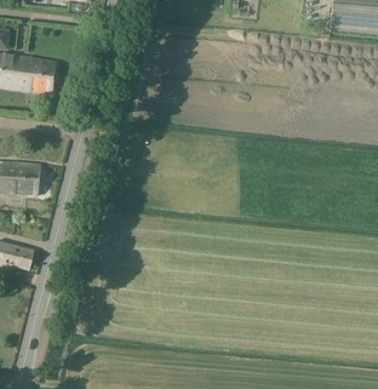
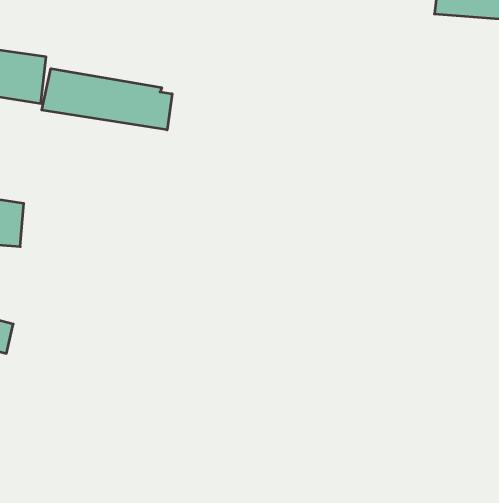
building: none -> [42,69,172,130]

